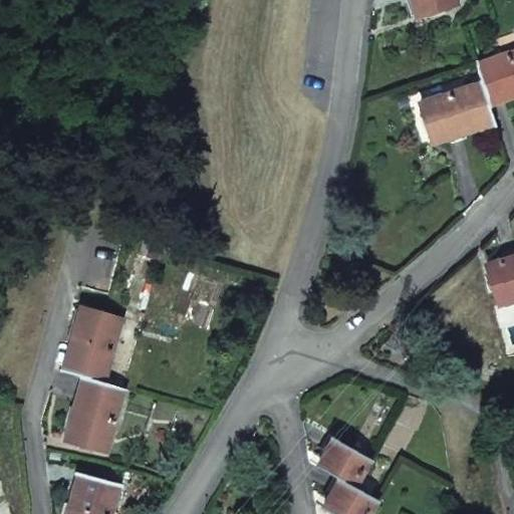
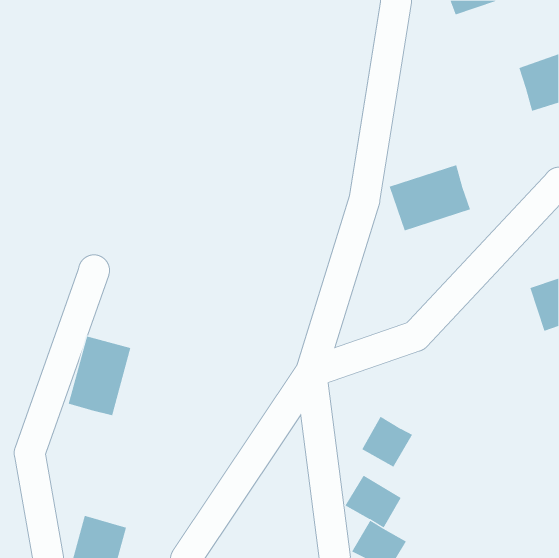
building: [420,82,495,144] -> [389,165,471,231]
building: [65,377,122,453] -> none
building: none -> [362,416,413,467]

